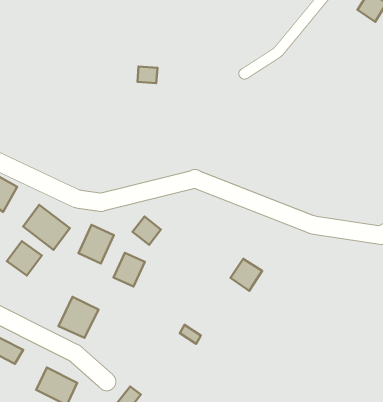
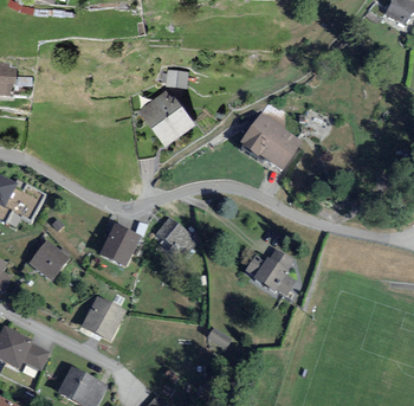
building: none -> [140,89,192,143]
building: none -> [239,116,297,170]
building: [23,205,70,250] -> none
building: [114,253,145,286] -> none

